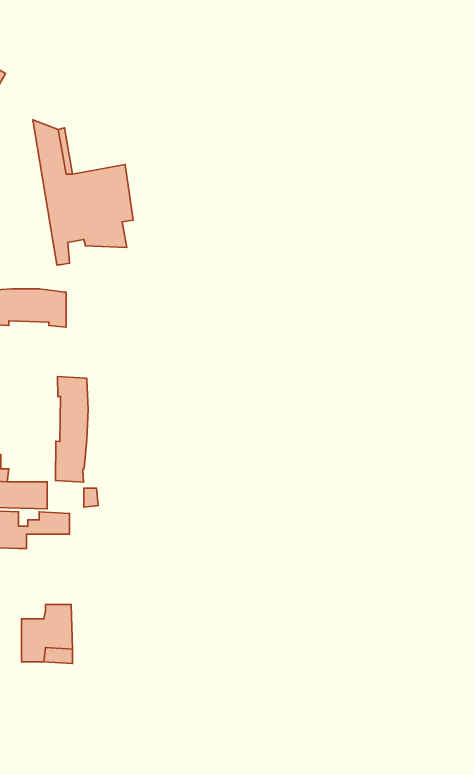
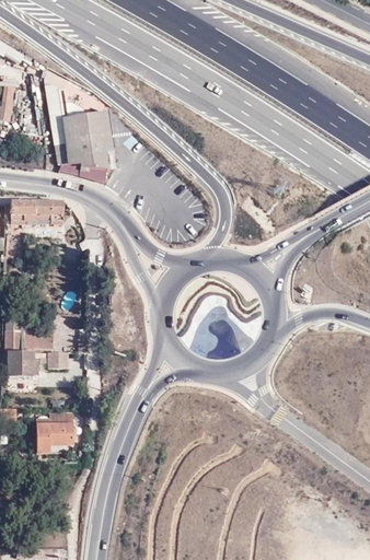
building: [55,377,88,482] -> none

